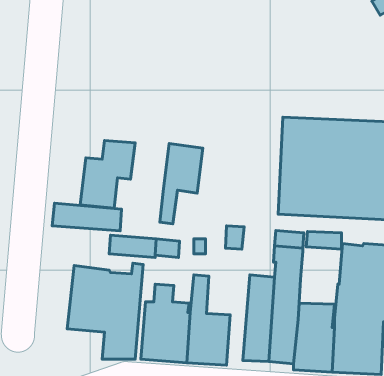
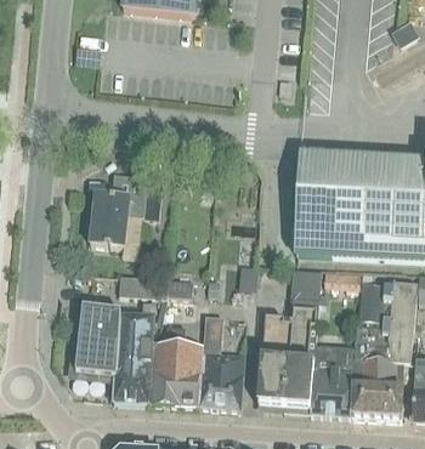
building: [160,143,203,224] -> none
building: [52,203,122,231] -> none

